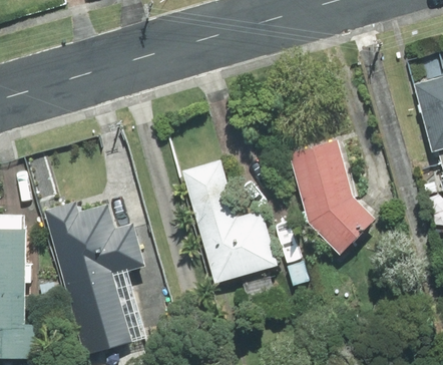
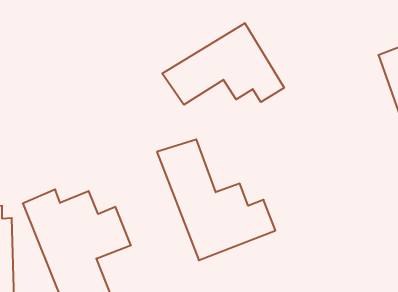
building: none -> [162,23,284,105]
building: [289,140,380,252] -> none

